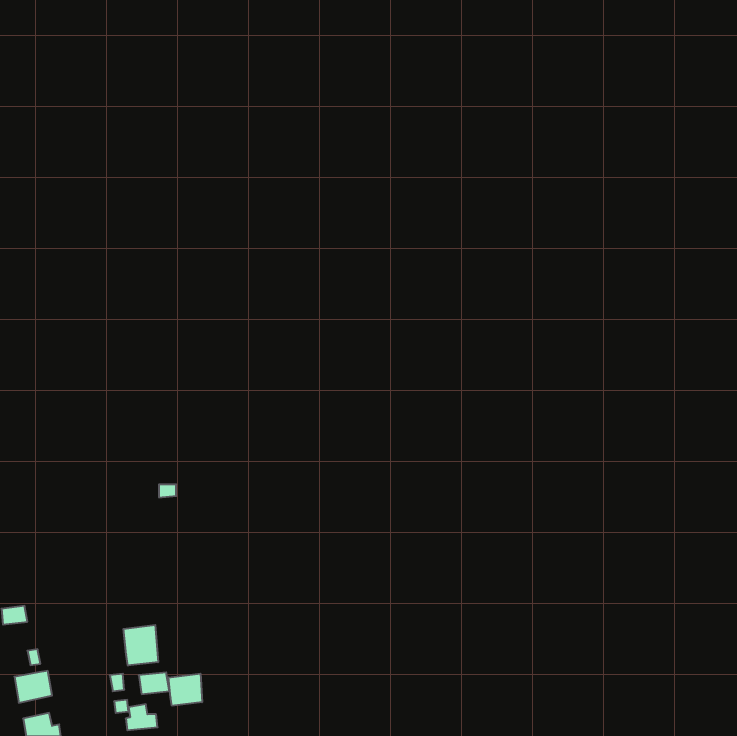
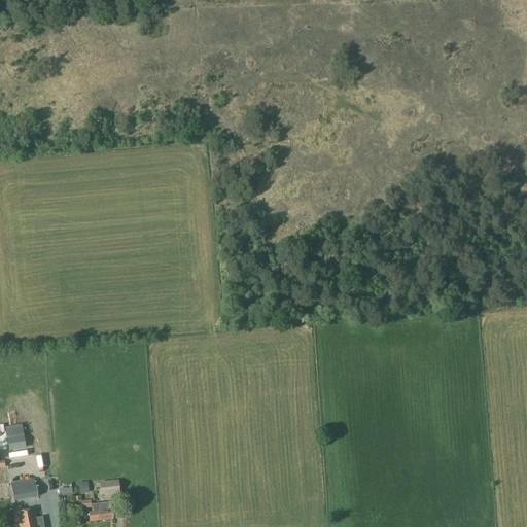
building: [123,625,158,666] -> none
building: [168,674,202,706] -> none

